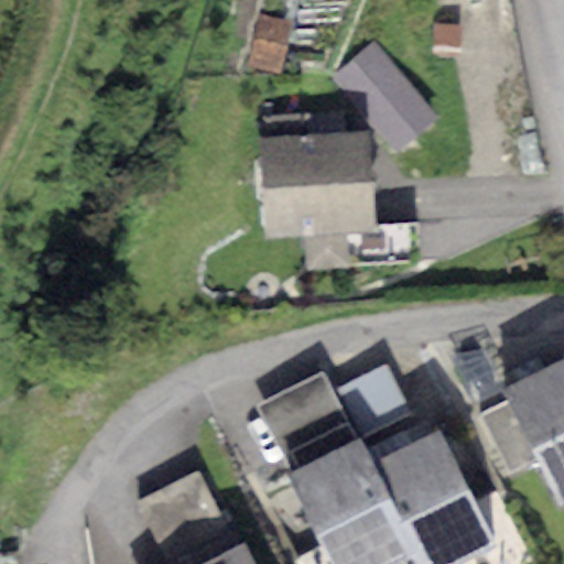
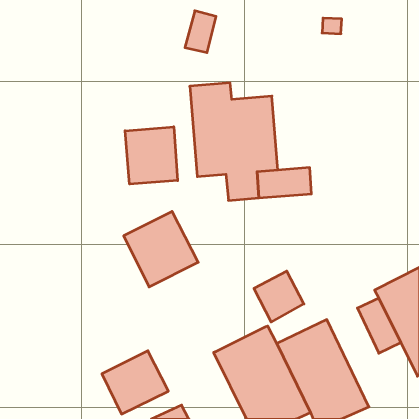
building: [336,43,438,150] -> none
building: none -> [125,127,178,184]
building: [257,370,357,471] -> [124,211,198,287]

